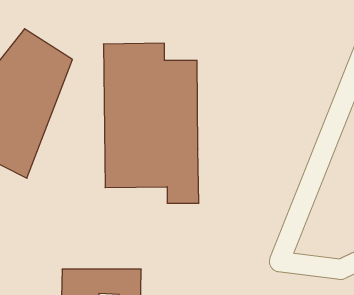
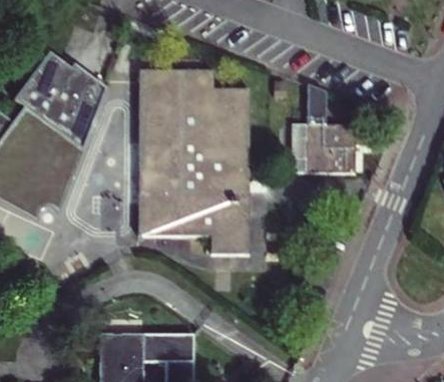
building: none -> [291,82,356,171]

